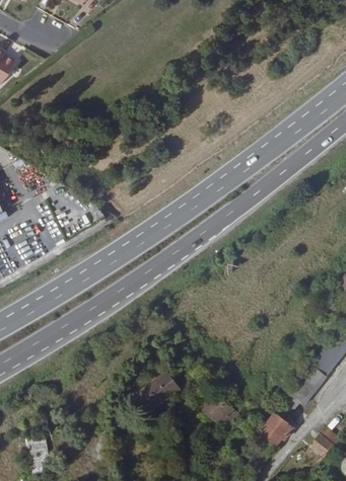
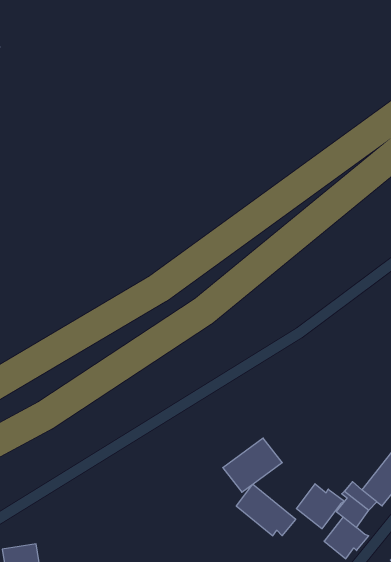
building: [136,371,181,411] -> [223,438,282,492]
building: none -> [296,484,345,529]

